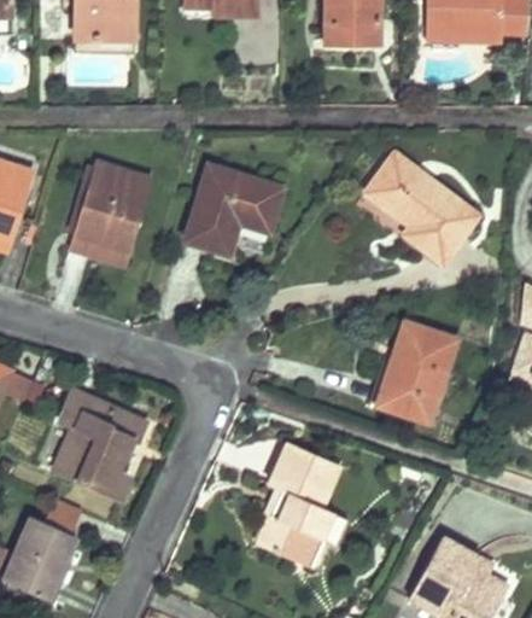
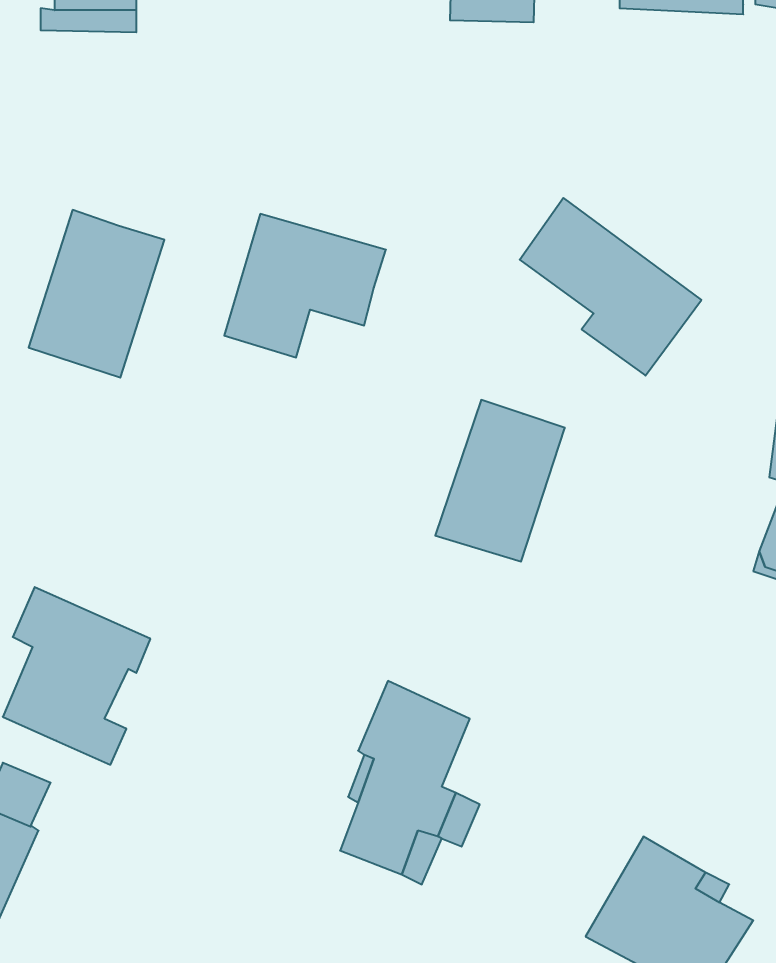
building: [376,319,455,416] -> [435,400,565,562]

